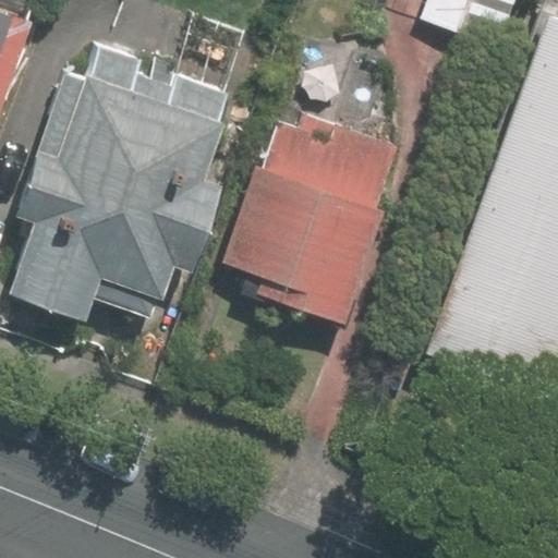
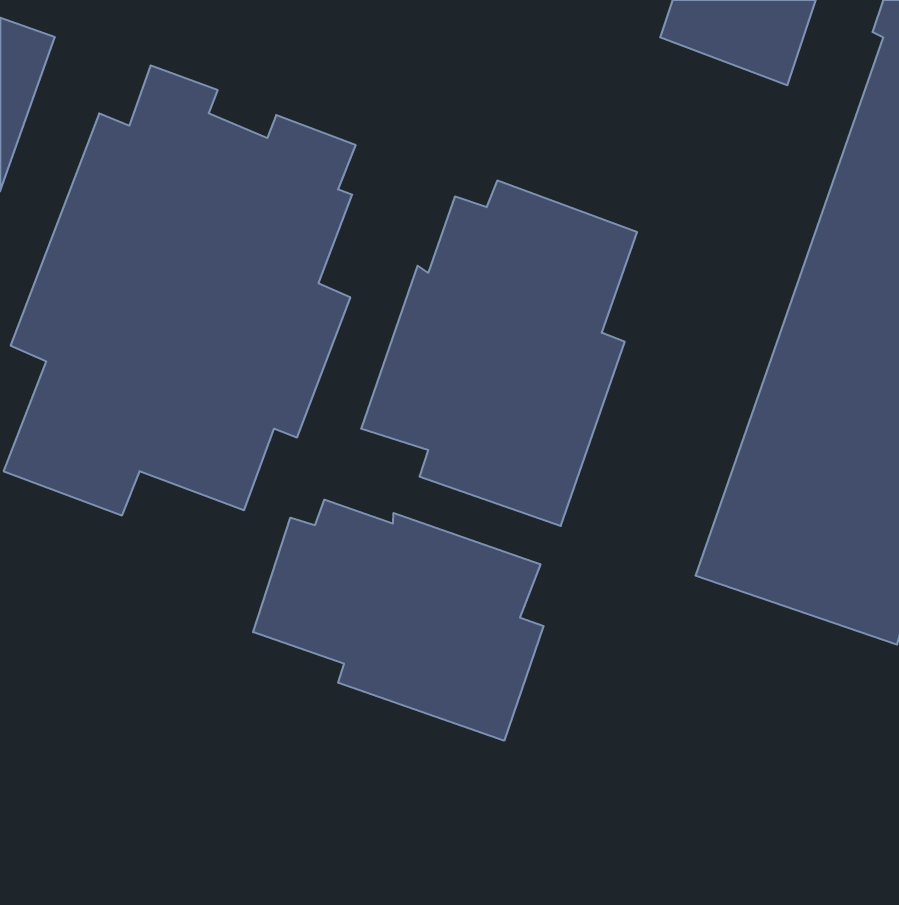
building: none -> [253,500,544,741]

